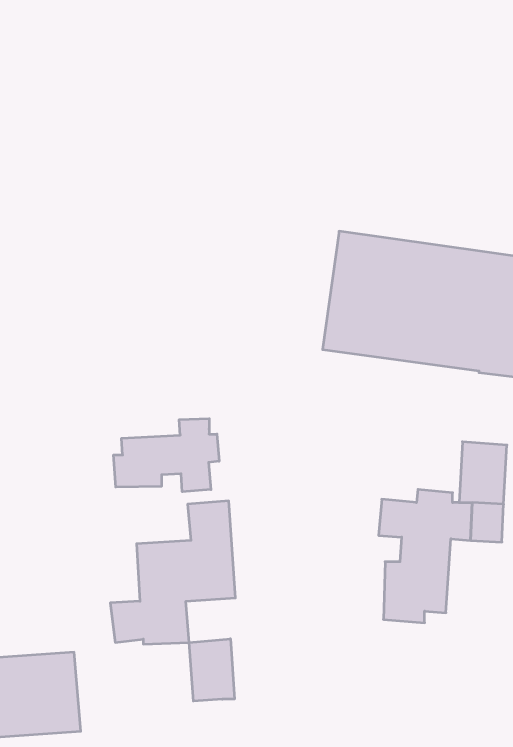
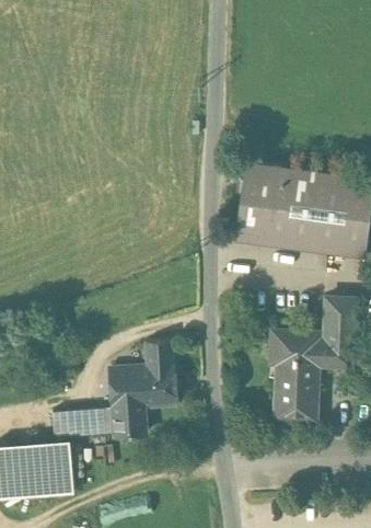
building: [114,419,219,492] -> none
building: none -> [51,409,95,438]
building: [189,639,234,701] -> none

